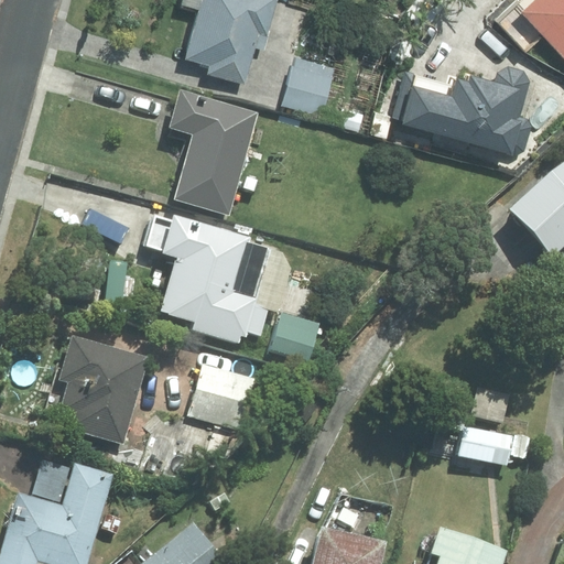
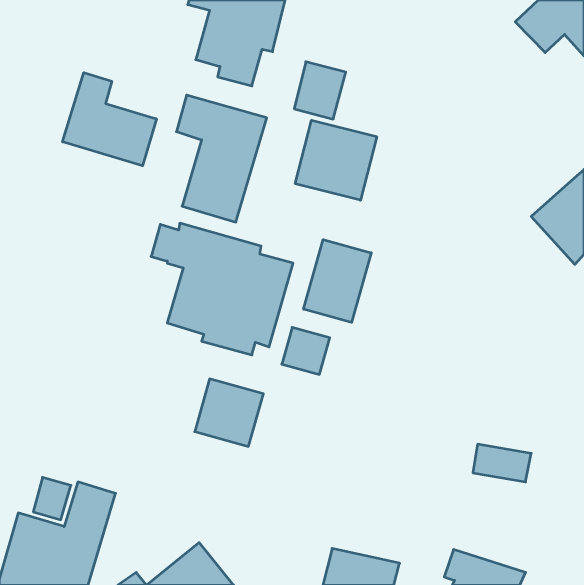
building: [390,67,531,156] -> none
building: none -> [63,73,156,166]
building: none -> [295,120,377,200]
building: none -> [304,240,371,322]
building: [59,336,145,442] -> none

